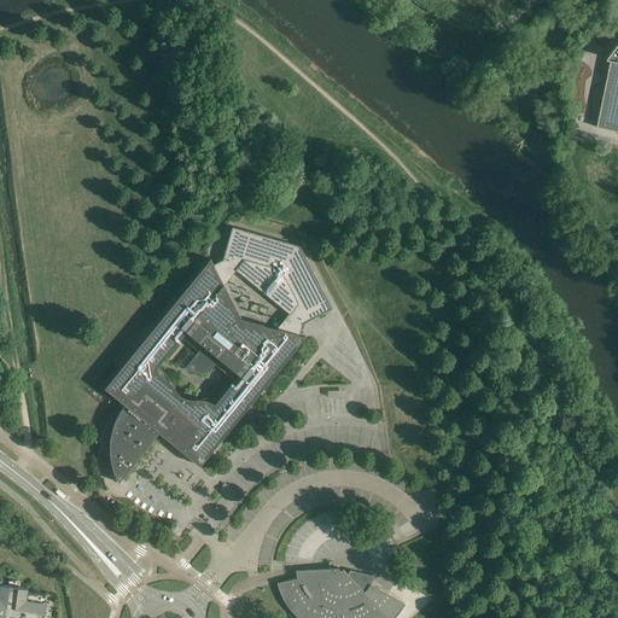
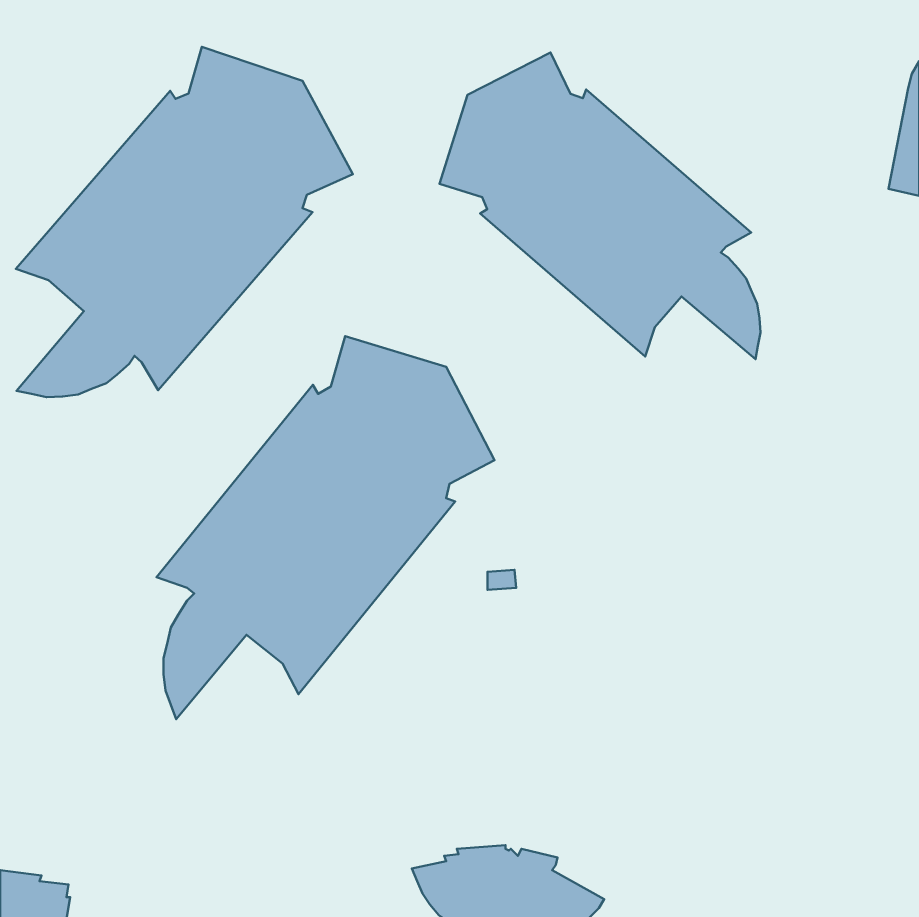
building: none -> [16,47,353,397]
building: none -> [439,52,760,359]

